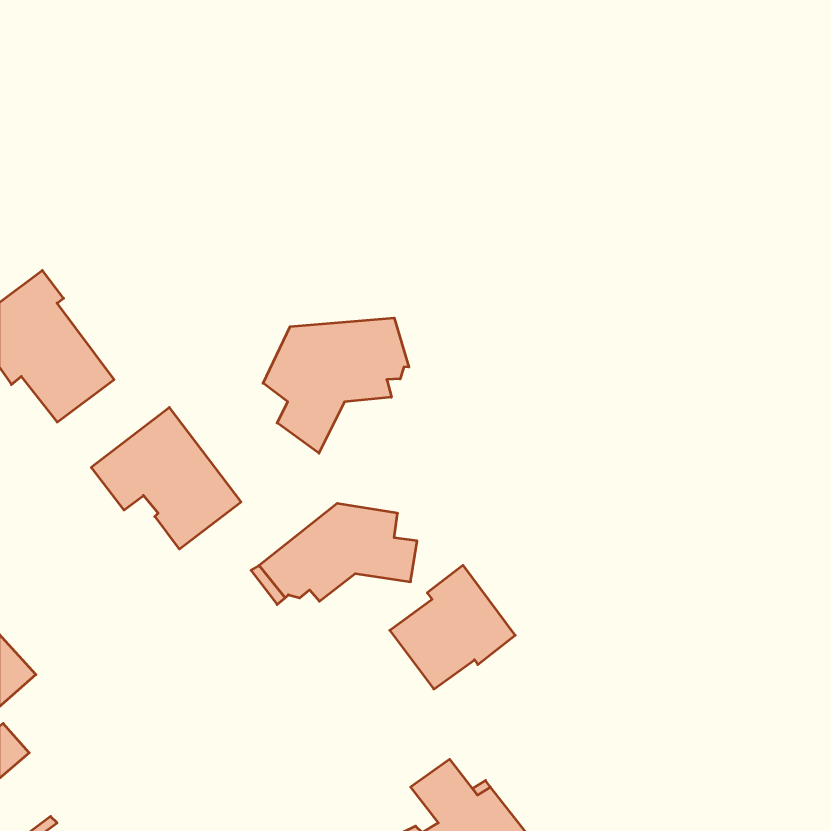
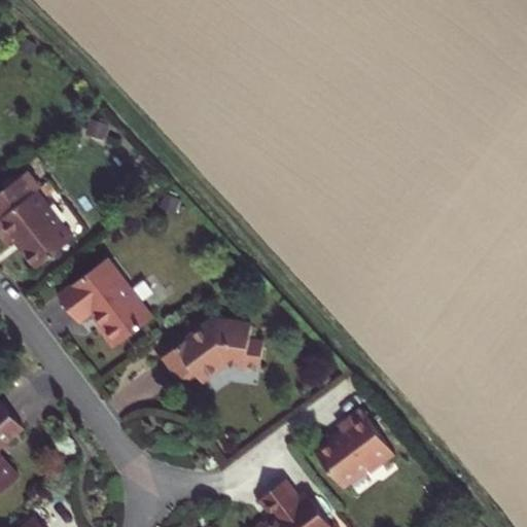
building: [263,318,409,453] -> none
building: [390,565,515,689] -> [314,410,393,488]

